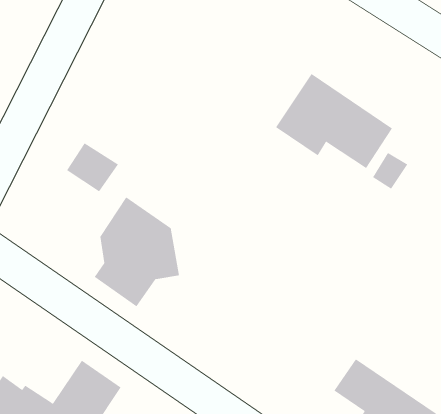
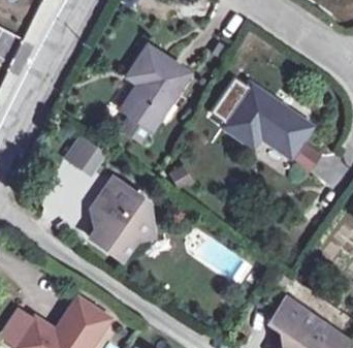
building: none -> [122,44,188,127]

